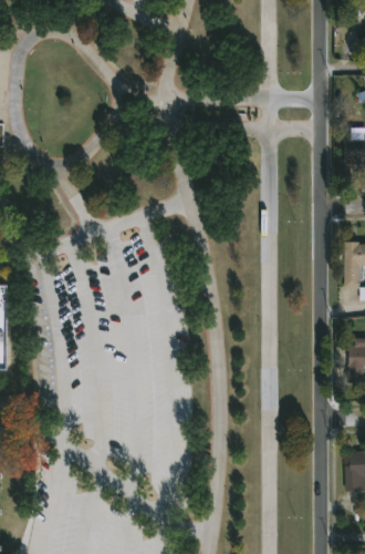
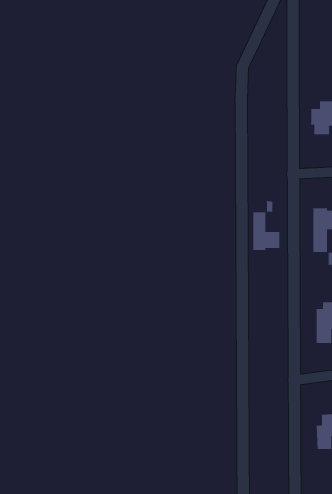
building: none -> [253,200,280,251]

